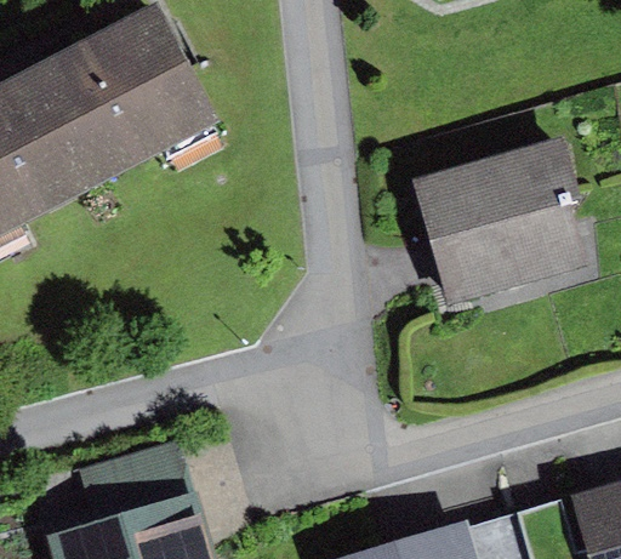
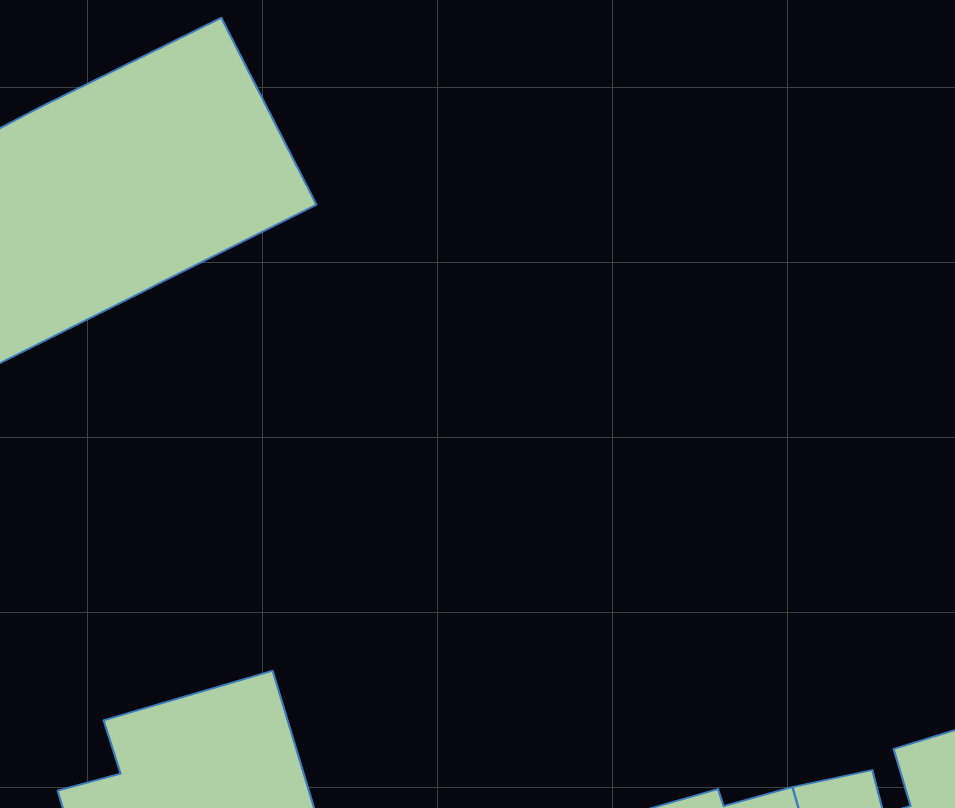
building: [418,135,580,300] -> none

